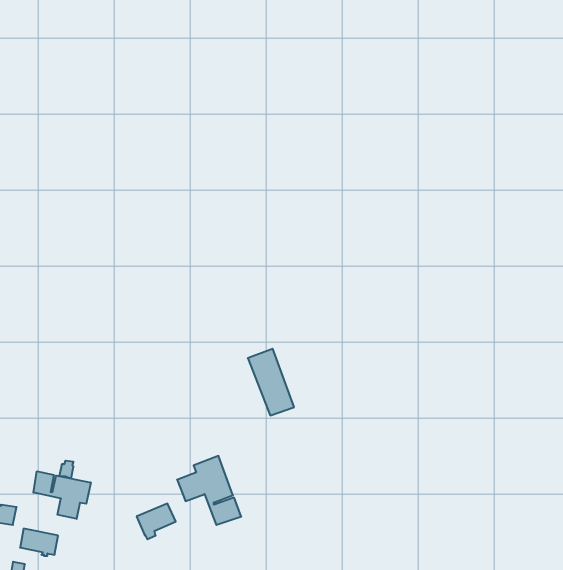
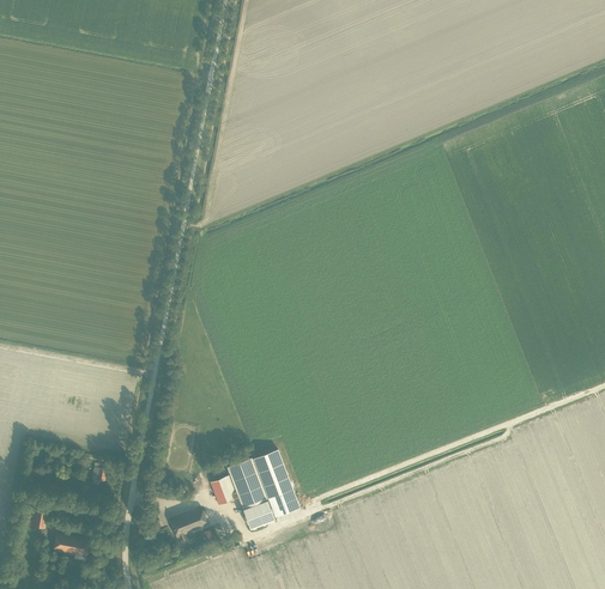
building: [248,349,294,415] -> [252,450,298,517]
building: [33,471,91,519] -> none

